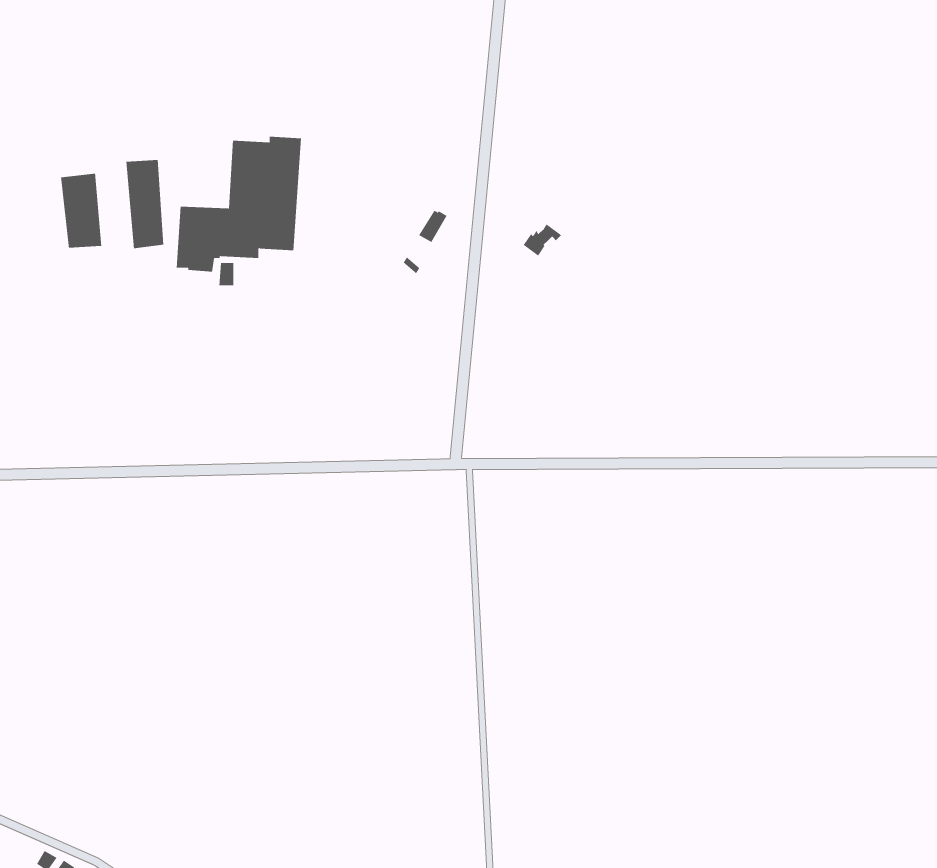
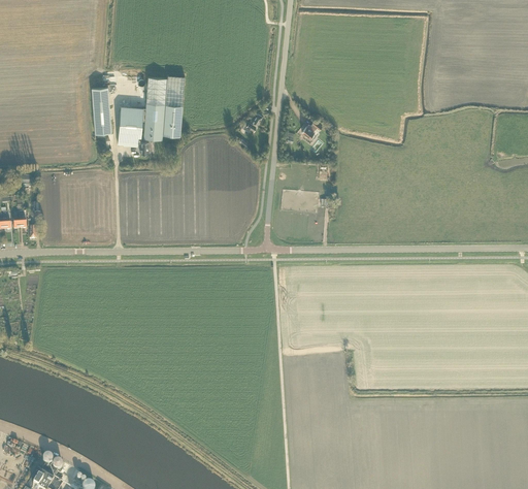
building: [60,173,102,248] -> none

